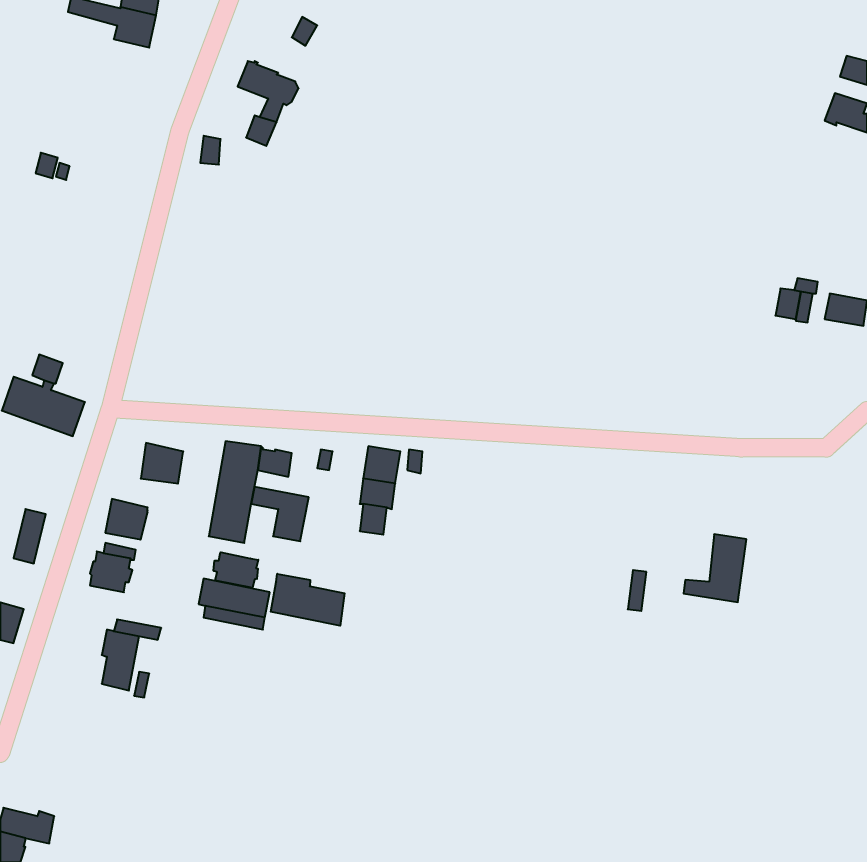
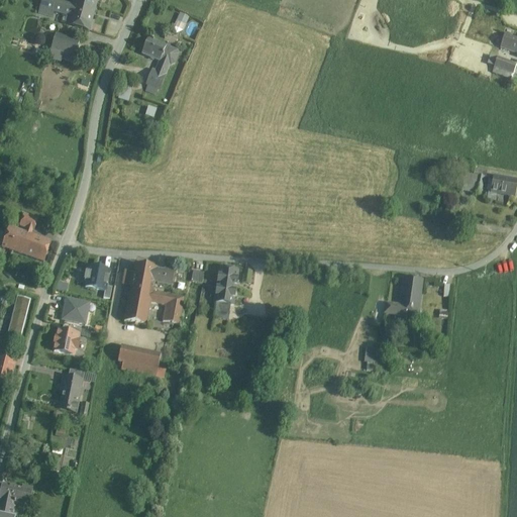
building: none -> [48,32,79,61]
building: [684,534,746,602] -> [385,275,422,315]
building: [214,552,258,588] -> none
building: [271,574,345,626] -> none

